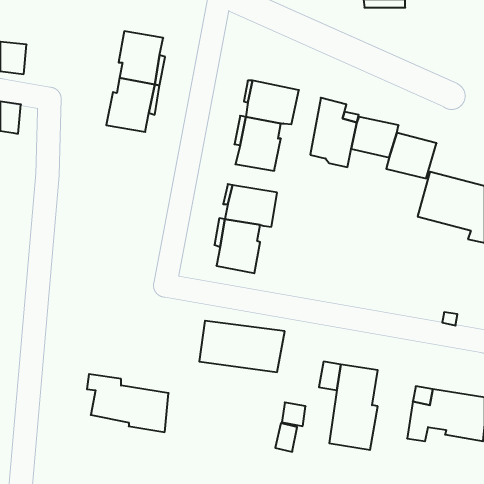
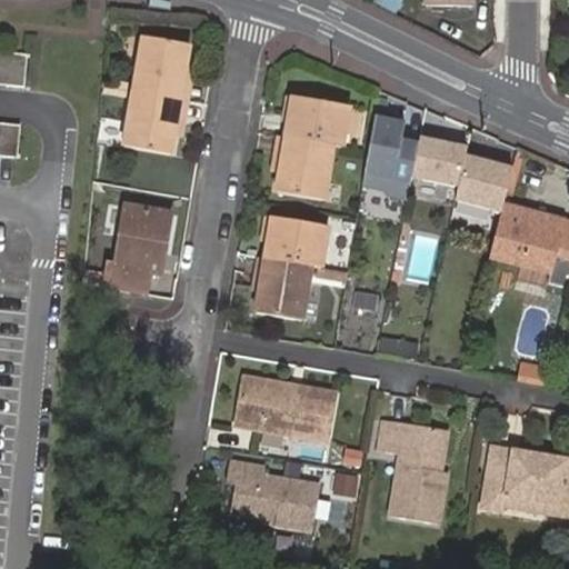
building: none -> [104,206,172,292]
building: [87,374,169,432] -> [226,459,321,527]

